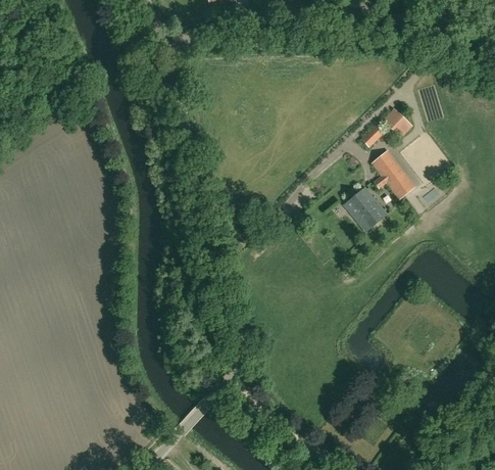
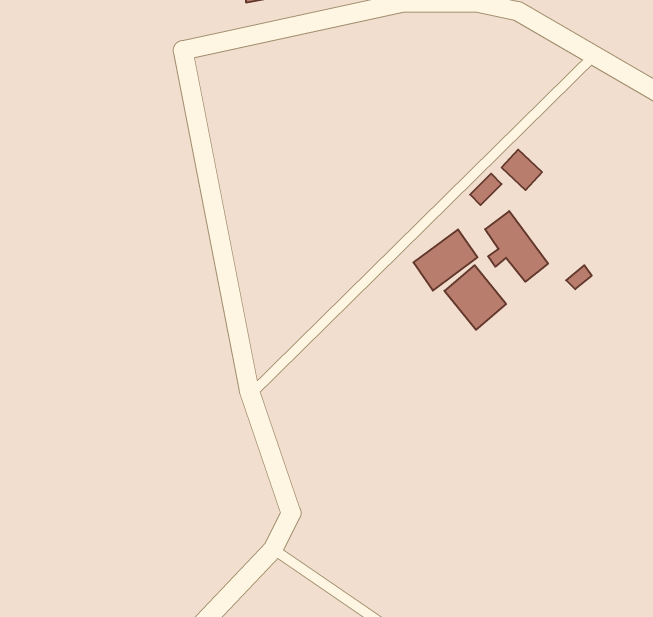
building: none -> [413,229,477,291]

